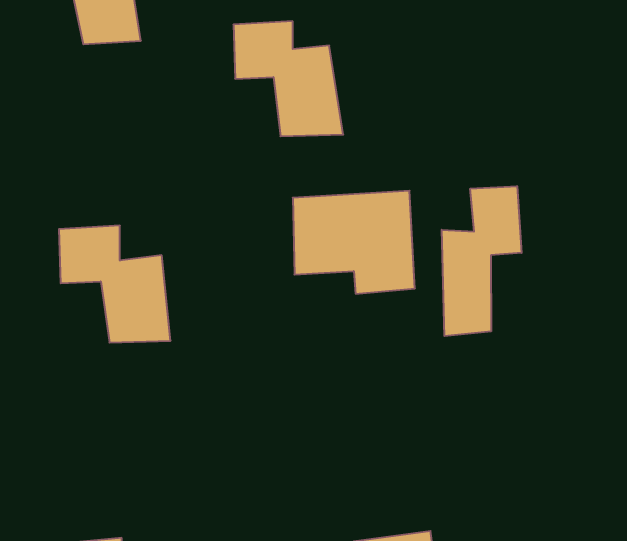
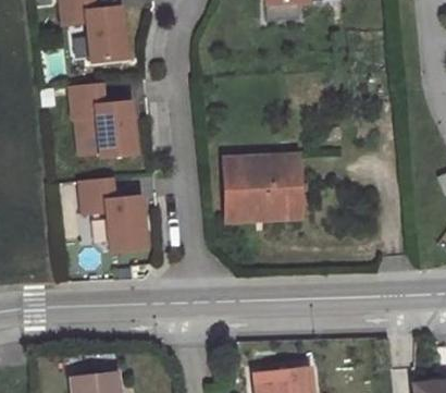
building: [233,21,343,136] -> [71,85,139,157]
building: [442,186,522,336] -> none

